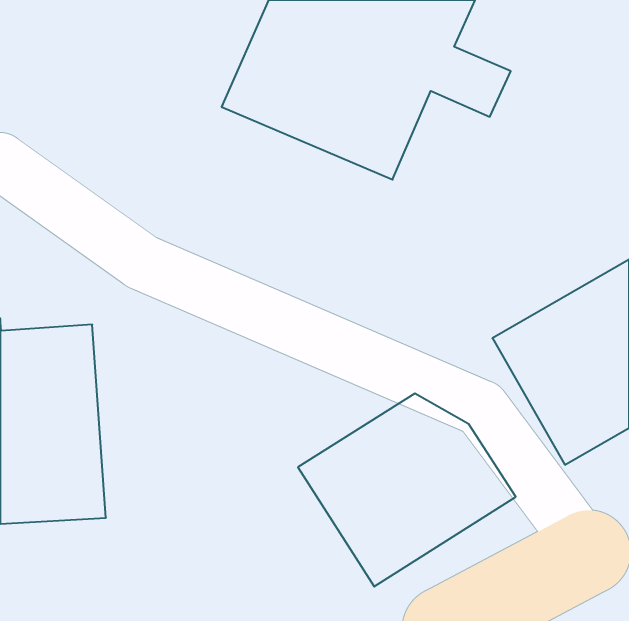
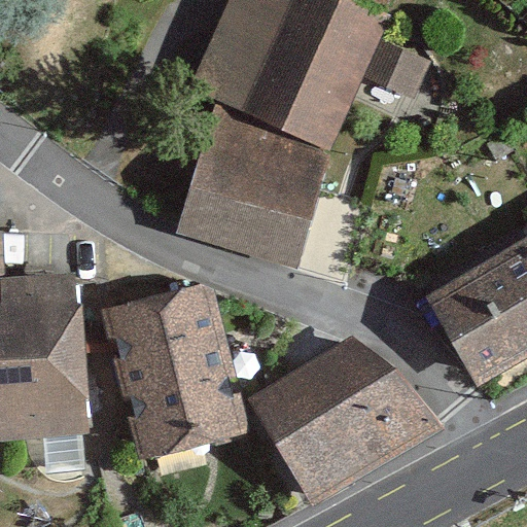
building: none -> [178,124,328,266]
building: none -> [100,285,237,453]

